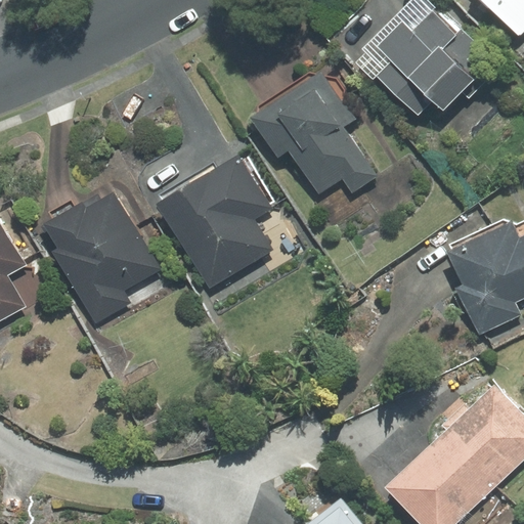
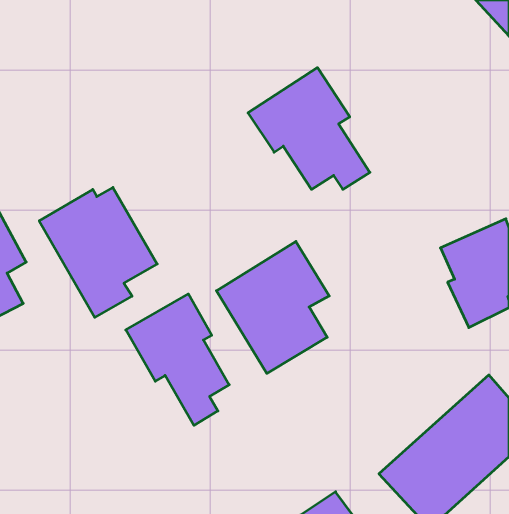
building: [374,11,478,116] -> none
building: [158,152,272,287] -> [216,241,329,373]
building: none -> [126,294,229,425]

